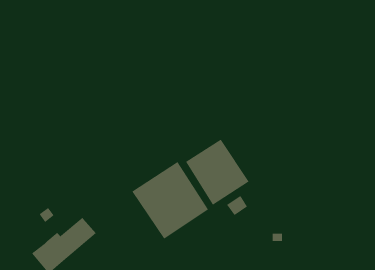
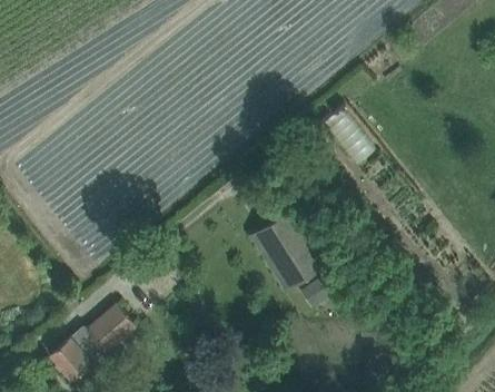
building: [132,161,209,239] -> none

